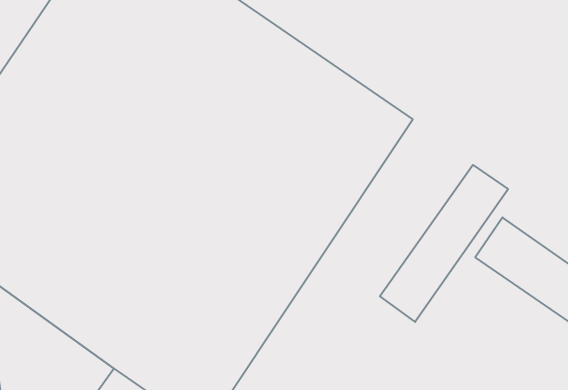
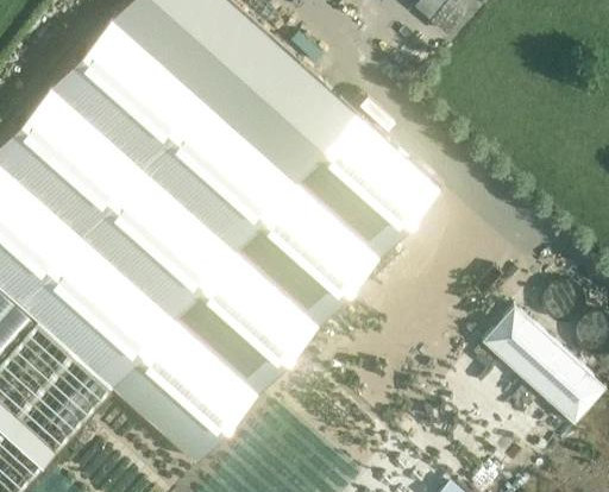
building: [380,165,508,322] -> none

